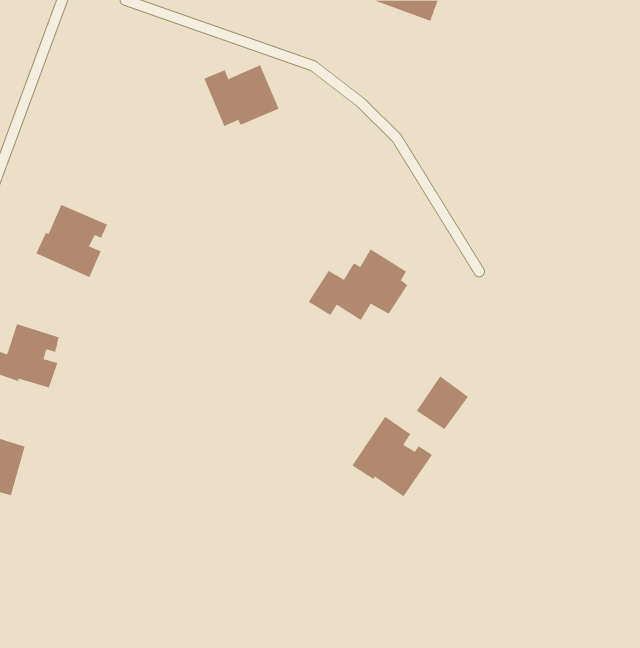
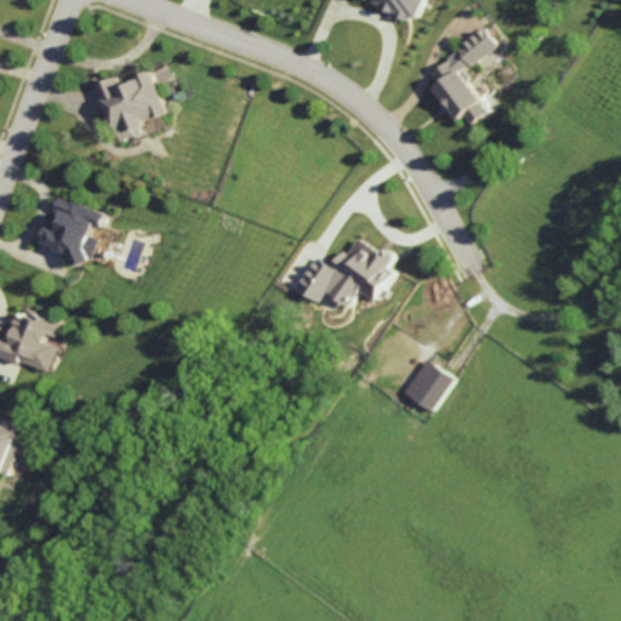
building: none -> [425,29,494,125]
building: [203,65,279,127] -> [92,72,165,131]
building: [351,416,433,497] -> none

